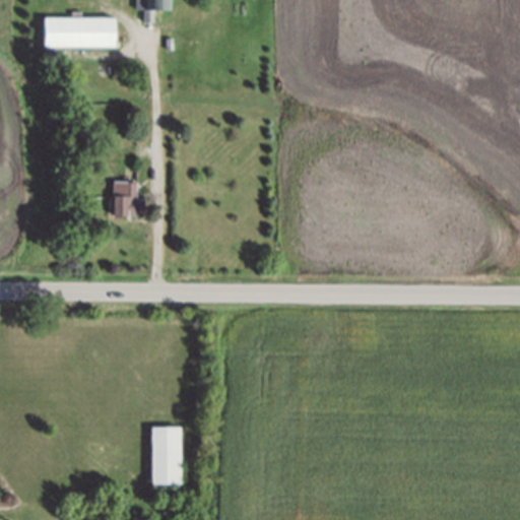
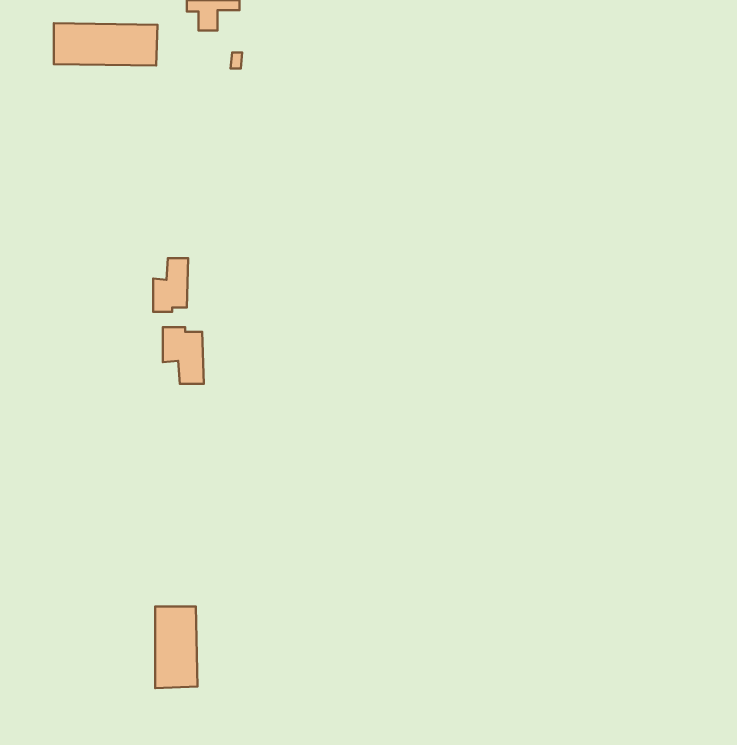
building: none -> [163,327,204,384]
building: [152,429,182,485] -> [155,606,197,688]

